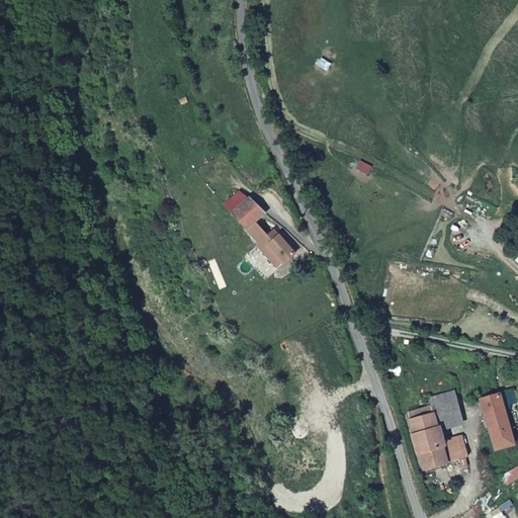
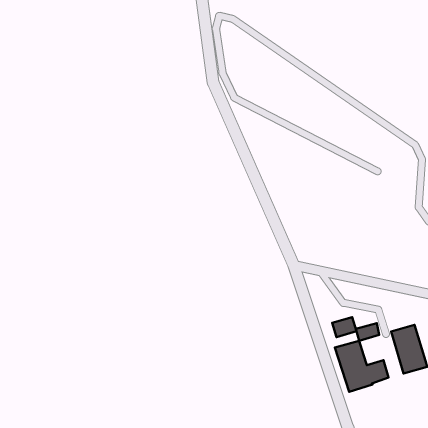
building: [232,197,294,268] -> none
building: [434,404,463,428] -> [332,317,356,337]

